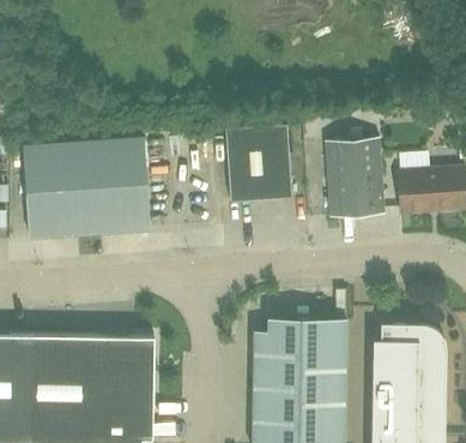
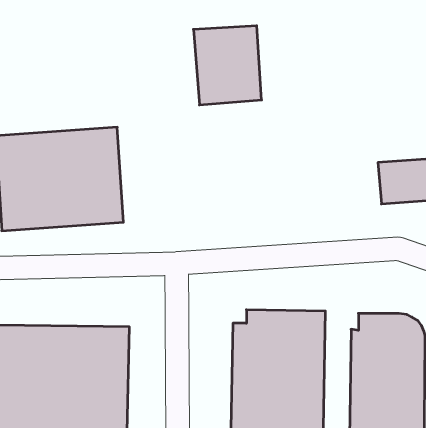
building: [225,126,292,204] -> [193,26,262,105]
building: [326,140,385,220] -> none

